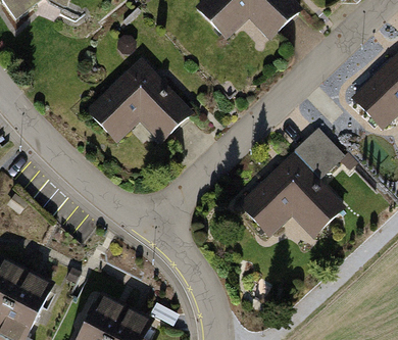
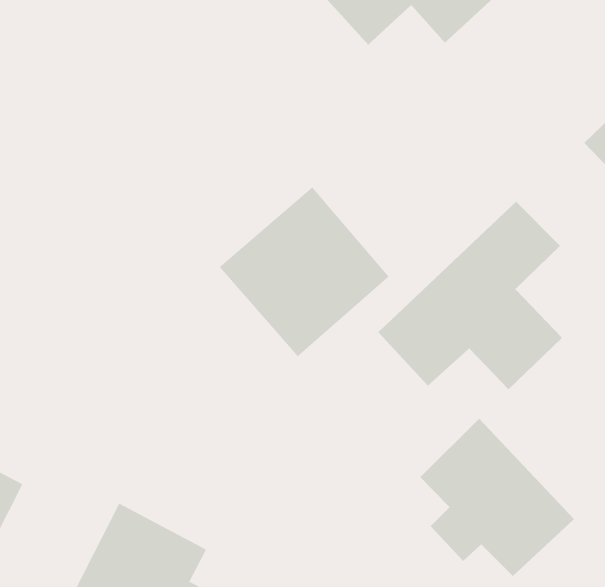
building: [97,68,190,161] -> [219,187,389,357]
building: none -> [419,418,575,577]

